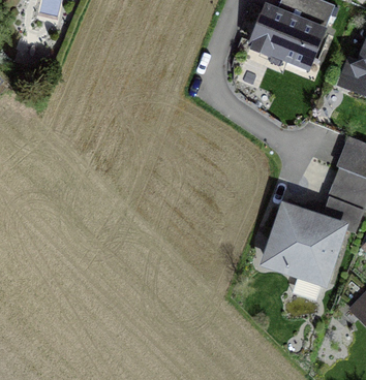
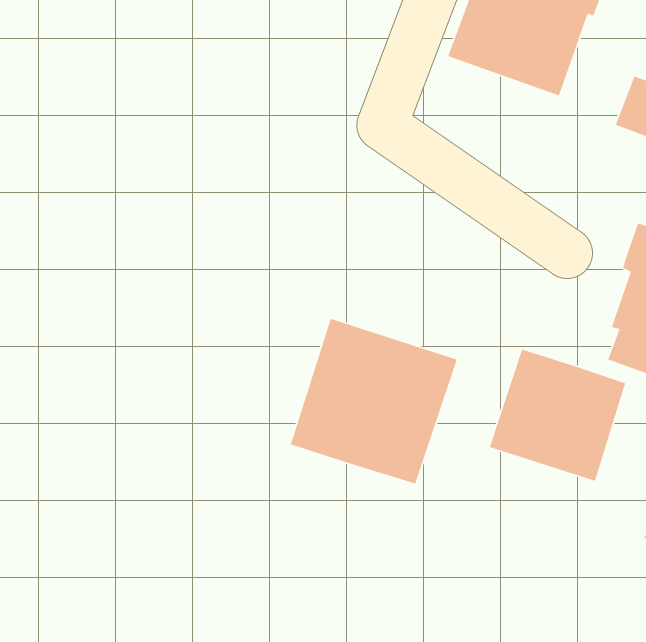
building: none -> [290,318,458,485]

